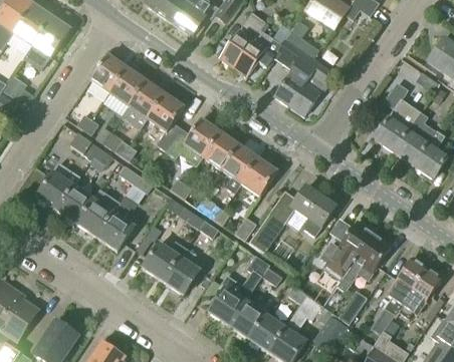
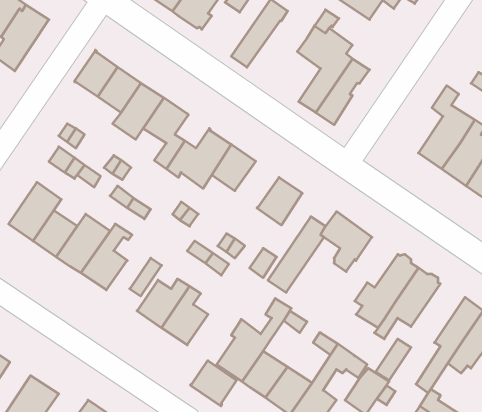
building: [233,29,282,76] -> none
building: [223,144,259,192] -> none
building: none -> [191,361,236,406]

